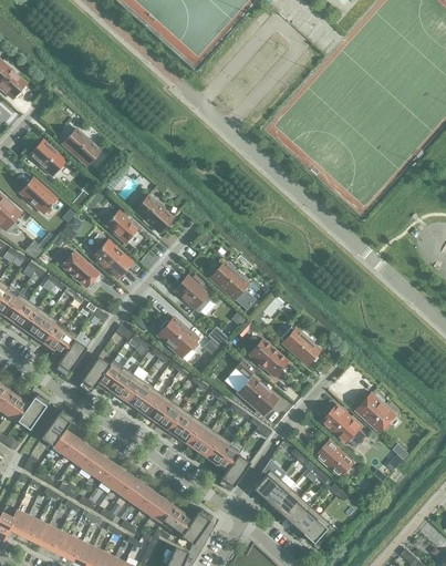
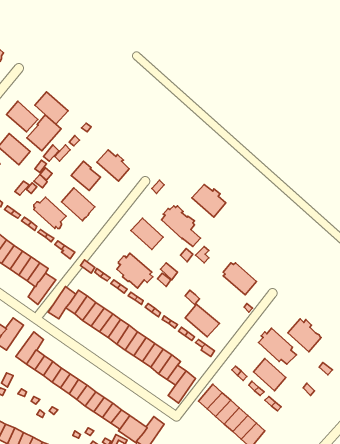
building: none -> [27,115,61,151]
building: none -> [192,185,226,217]
building: [248,339,287,377] -> none

